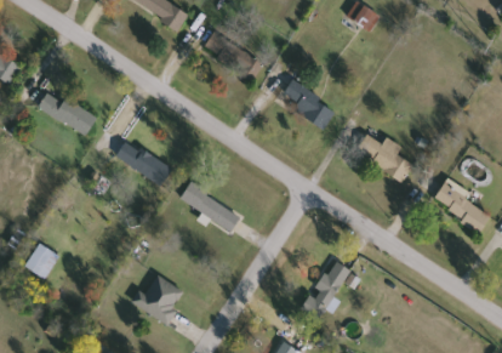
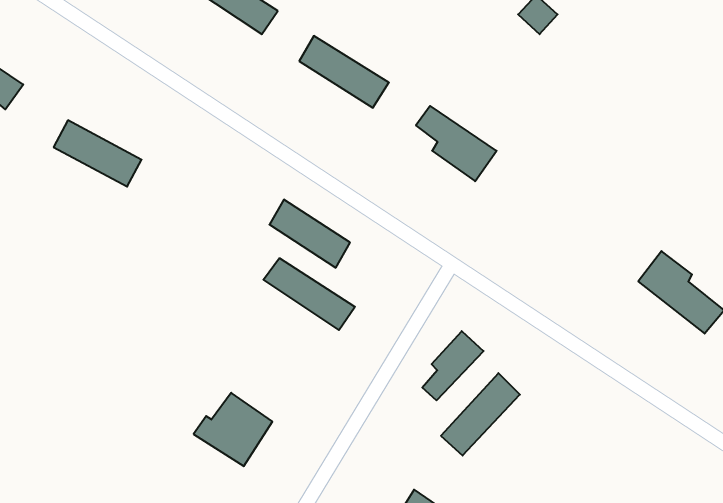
building: [354,132,412,181] -> none
building: [115,138,170,184] -> [269,200,350,268]
building: none -> [422,331,484,400]
building: [25,243,58,277] -> none

